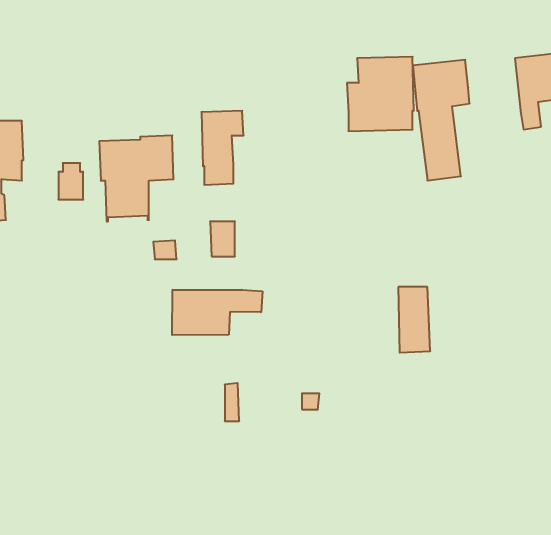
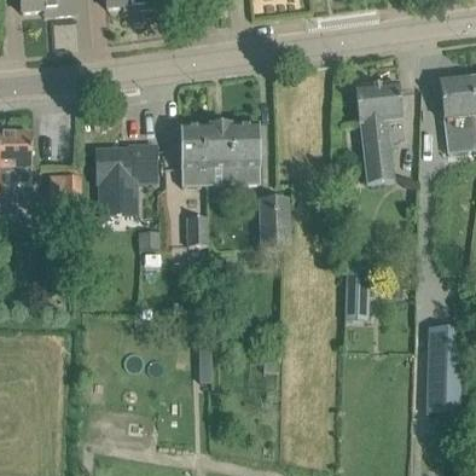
building: [347,57,414,131] -> [205,122,261,184]
building: none -> [260,196,290,249]
building: [172,290,262,335] -> none
building: none -> [428,326,464,411]

